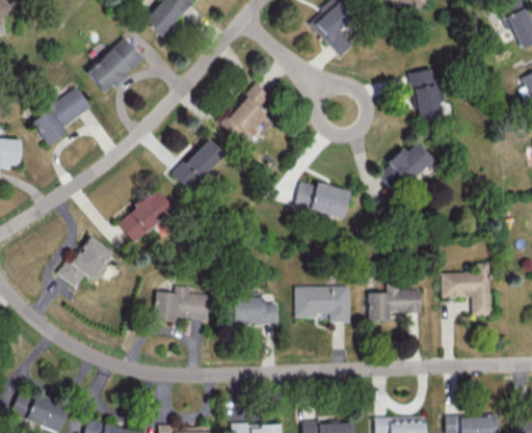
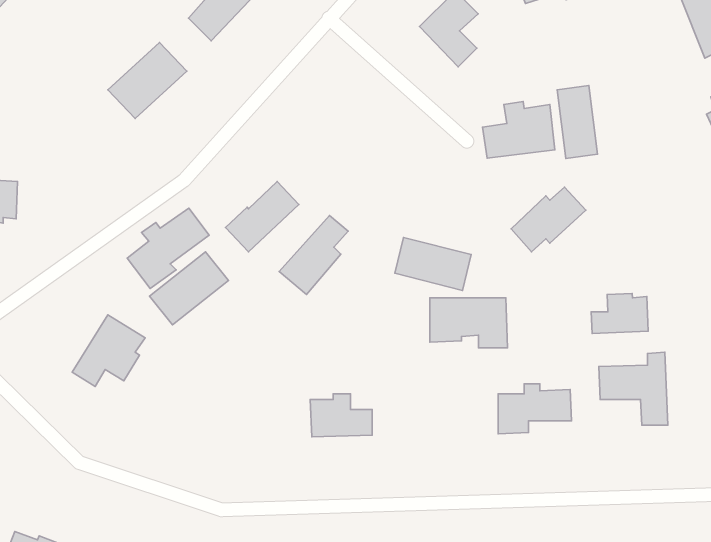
building: none -> [483,101,555,158]
building: [219,83,269,140] -> [279,216,348,294]
building: [32,86,91,144] -> [127,208,209,288]
building: none -> [591,294,648,333]
building: [153,285,212,321] -> none
building: [295,286,351,322] -> [430,298,507,348]

